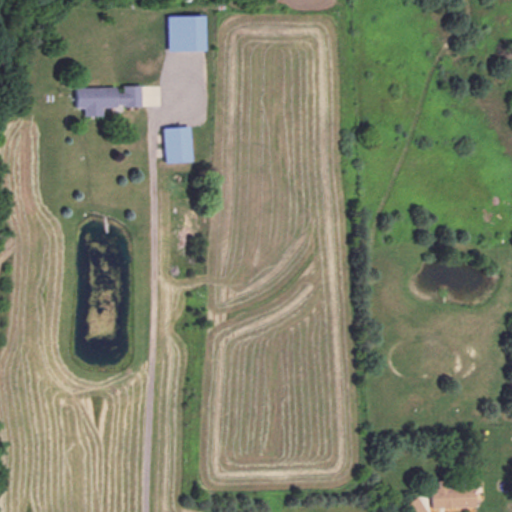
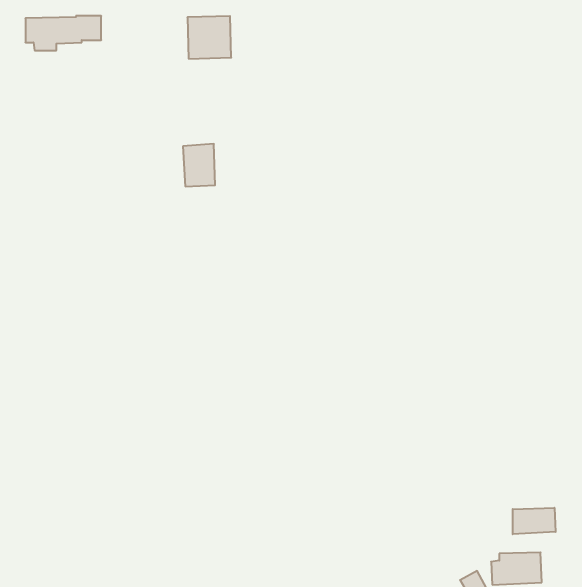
building: [76,86,142,116] -> [25,16,101,50]
building: none -> [513,508,556,534]

